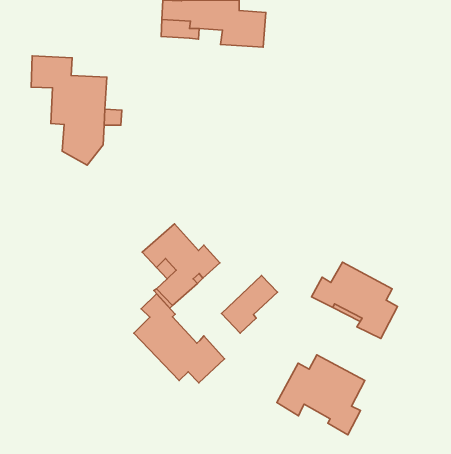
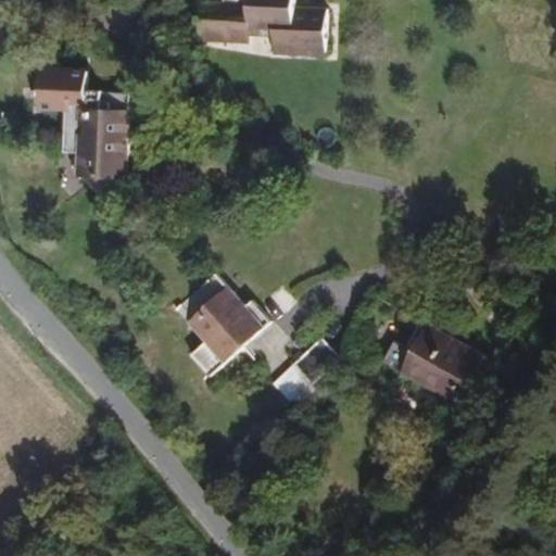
building: [134,294,224,383] -> none
building: [277,355,365,435] -> none

